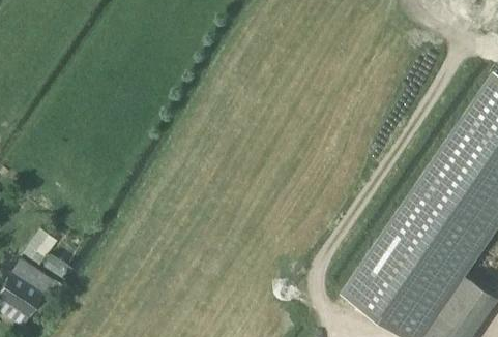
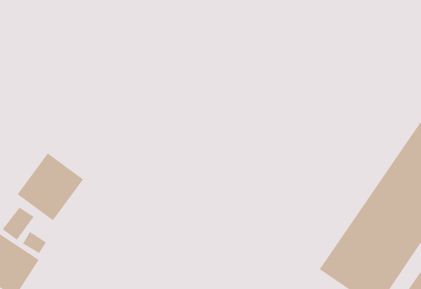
building: none -> [17,153,84,221]

